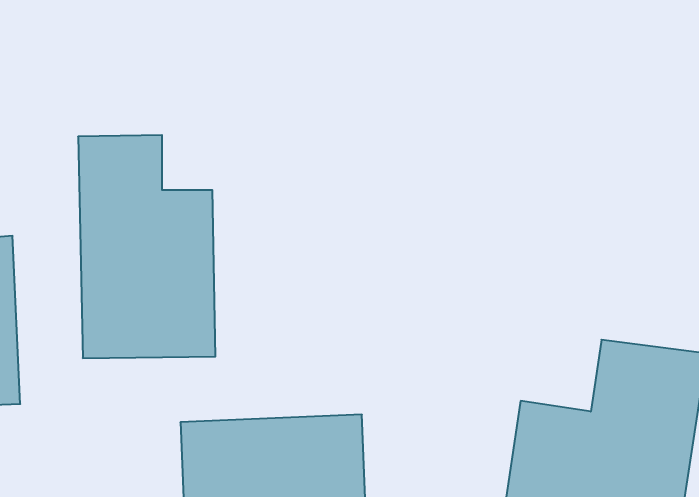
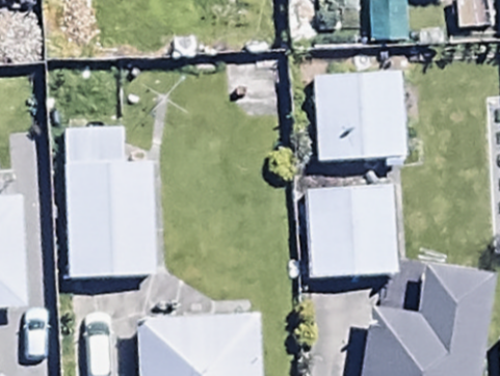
building: none -> [315,74,405,162]
building: none -> [306,182,397,278]

